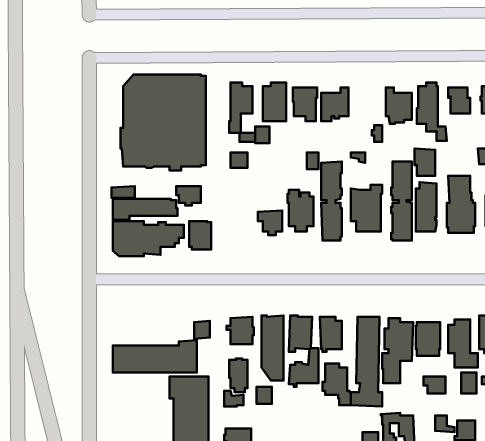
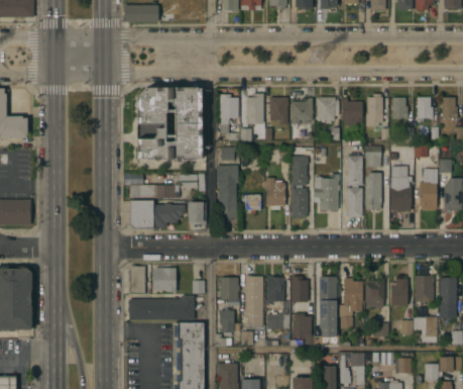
building: none -> [316,97,339,124]
building: none -> [216,166,238,221]
building: none -> [129,268,147,294]
building: none -> [152,268,177,292]

